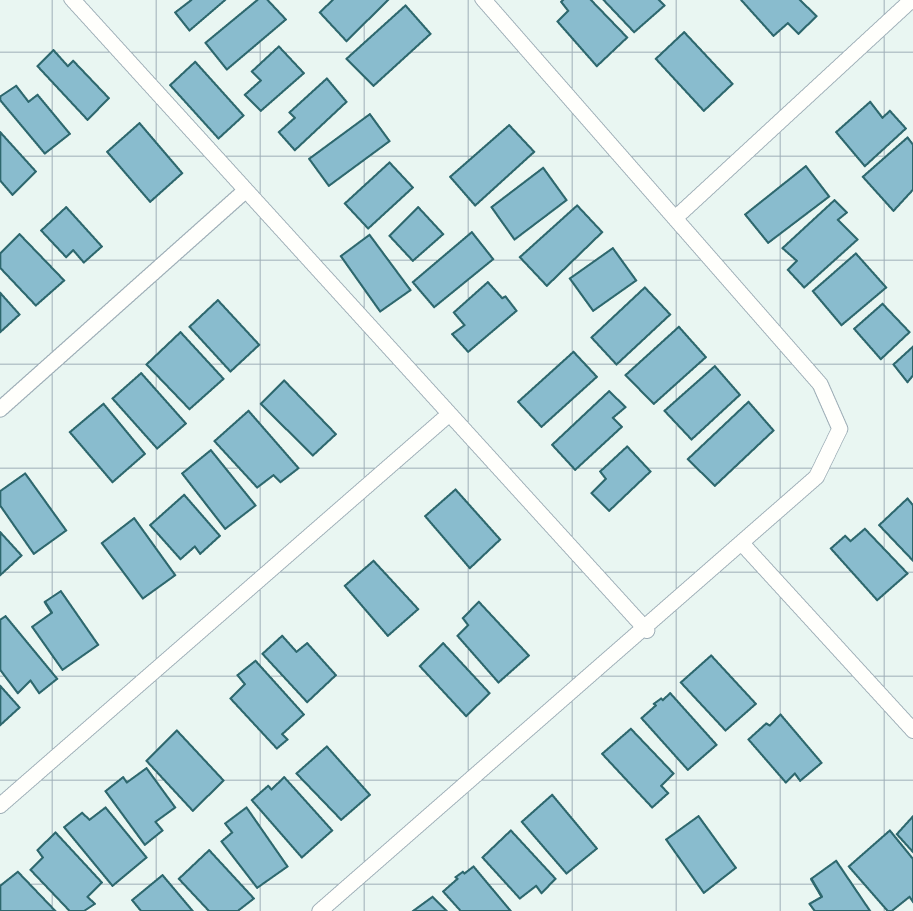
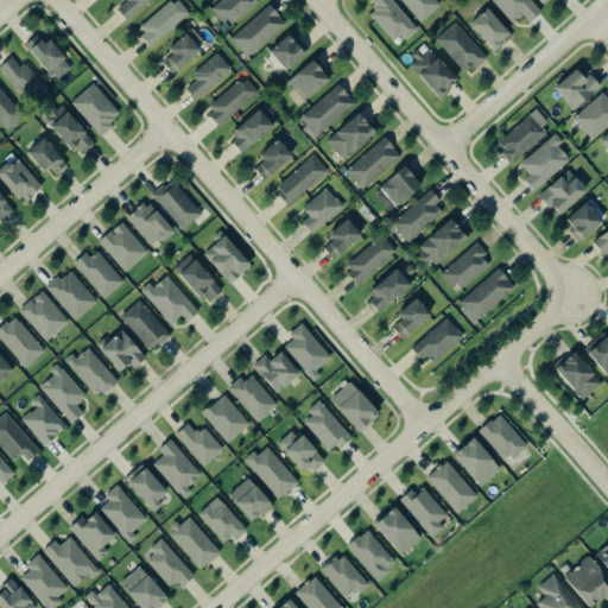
building: none -> [473,7,513,50]
building: none -> [271,33,306,69]
building: [170,62,244,139] -> [45,104,94,156]
building: none -> [411,48,460,97]
building: none -> [289,58,331,101]
building: [341,235,411,312] -> [154,178,201,229]
building: none -> [324,217,363,259]
building: none -> [203,235,252,284]
building: none -> [18,290,69,341]
building: none -> [411,318,462,363]
building: none -> [253,352,300,393]
building: none -> [37,366,87,423]
building: none -> [330,380,381,432]
building: none -> [202,394,249,443]
building: none -> [243,446,299,500]
building: none -> [125,462,167,513]
building: [748,715,822,783] -> [477,414,526,460]
building: none -> [229,477,274,522]
building: [666,816,736,893] -> [374,505,420,556]

